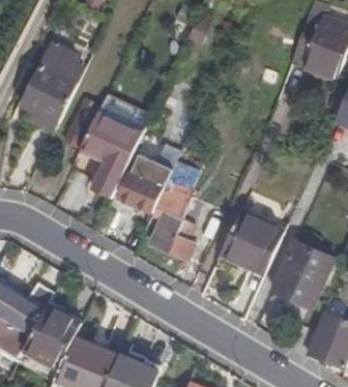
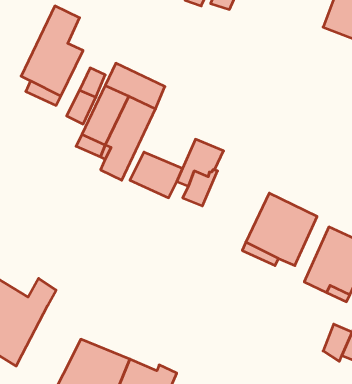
building: [131,143,180,186] -> none
building: [150,198,195,261] -> none
building: [23,307,80,368] -> none

